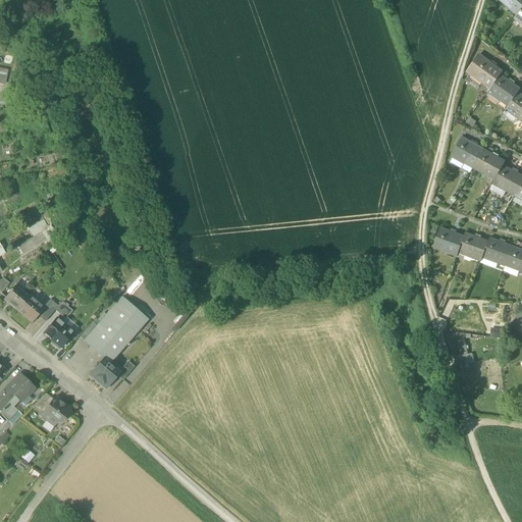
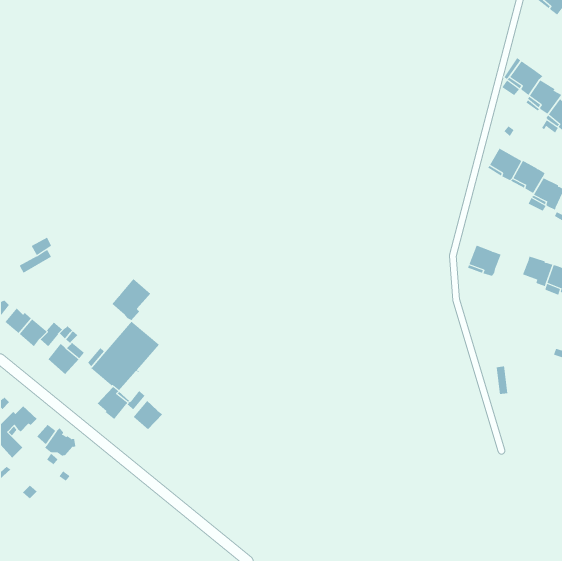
building: [460,231,489,261] -> none
building: none -> [112,278,151,321]
building: none -> [133,400,163,430]

